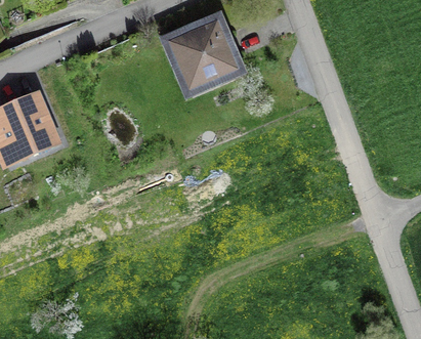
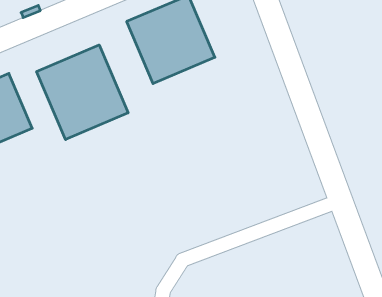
building: none -> [37,45,128,140]

